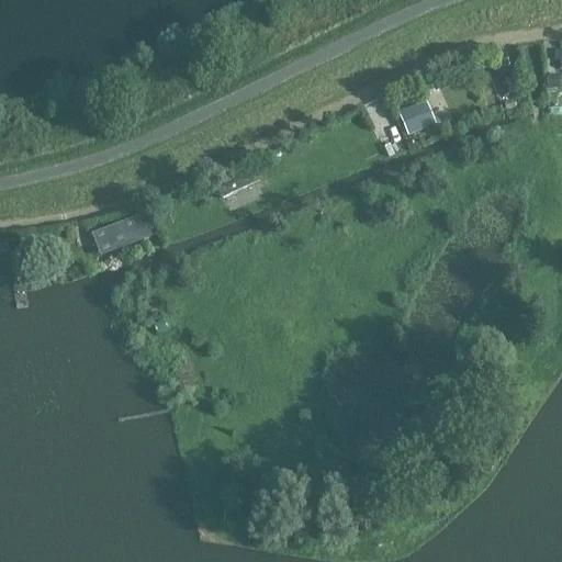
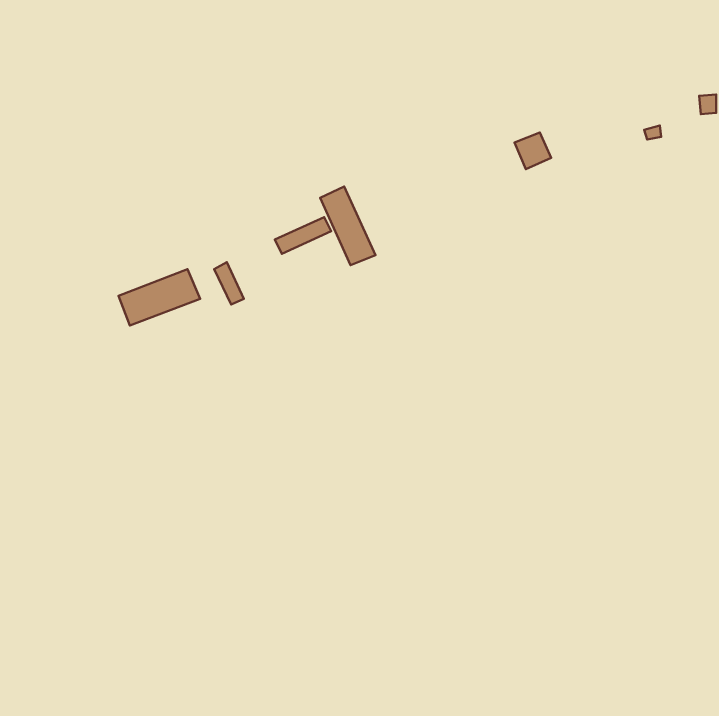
building: none -> [320,187,376,265]

